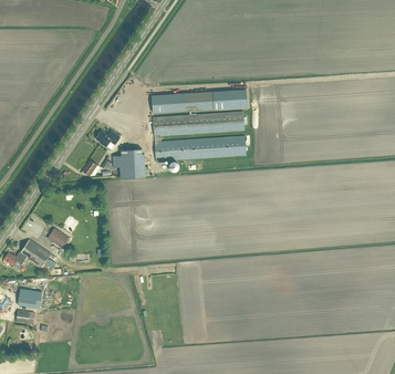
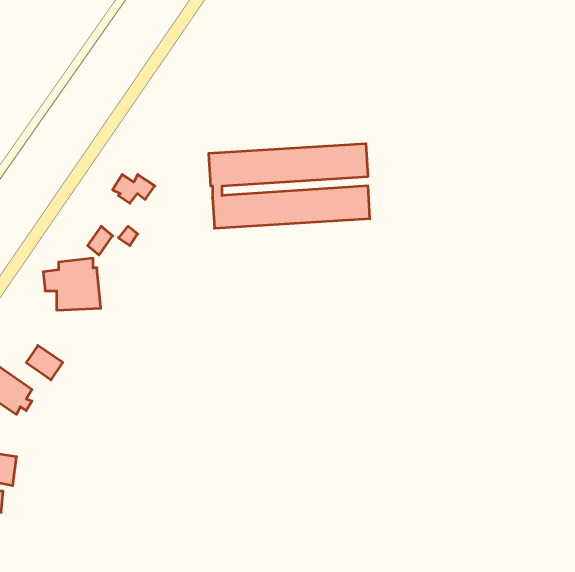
building: [152,90,247,113] -> none
building: [113,148,146,178] -> [43,258,101,310]

